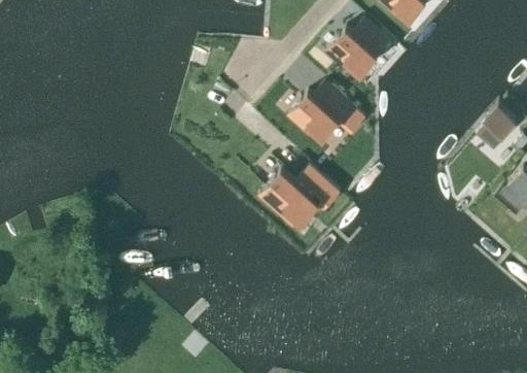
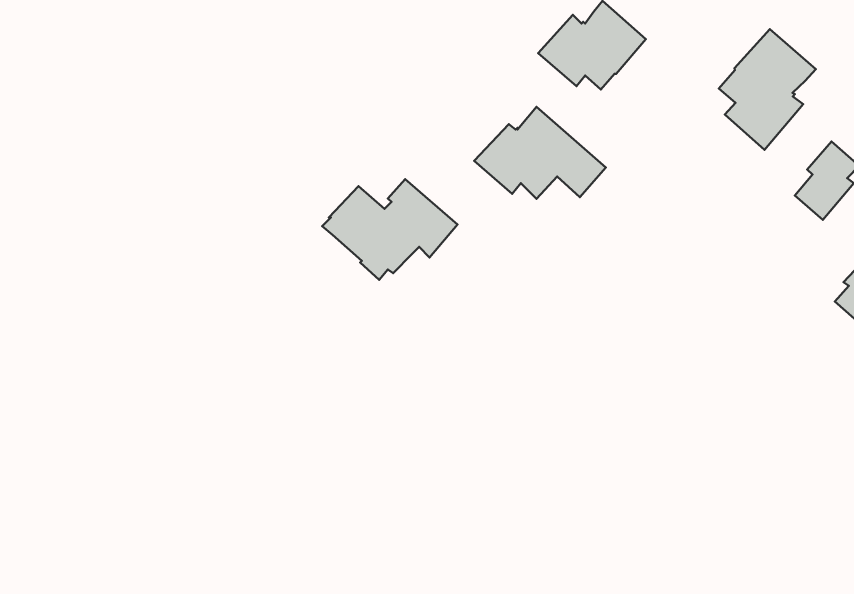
building: none -> [719,29,816,150]
building: [261,166,342,226] -> [322,179,457,280]

